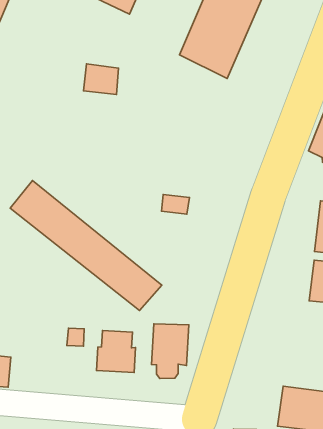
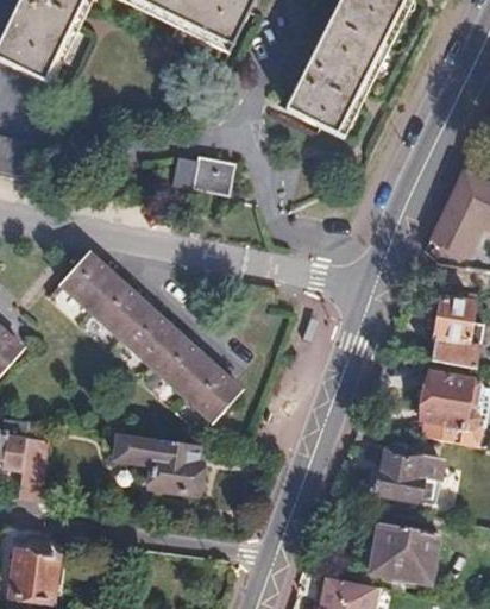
building: [84,64,119,94] -> [188,157,233,197]
building: [151,324,189,379] -> none
building: none -> [373,452,425,500]

